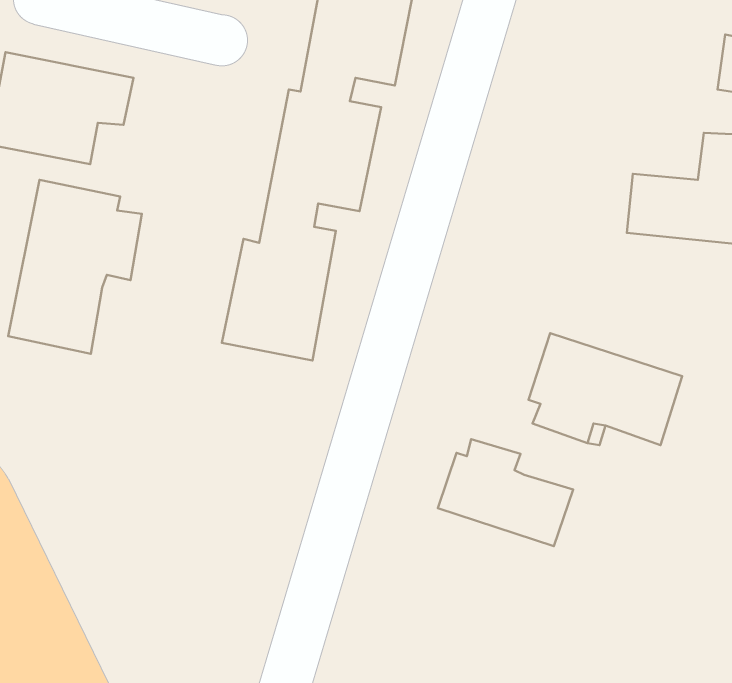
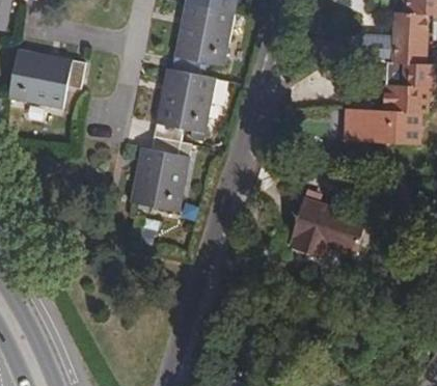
building: [8,180,142,354] -> none
building: [438,439,573,546] -> none

